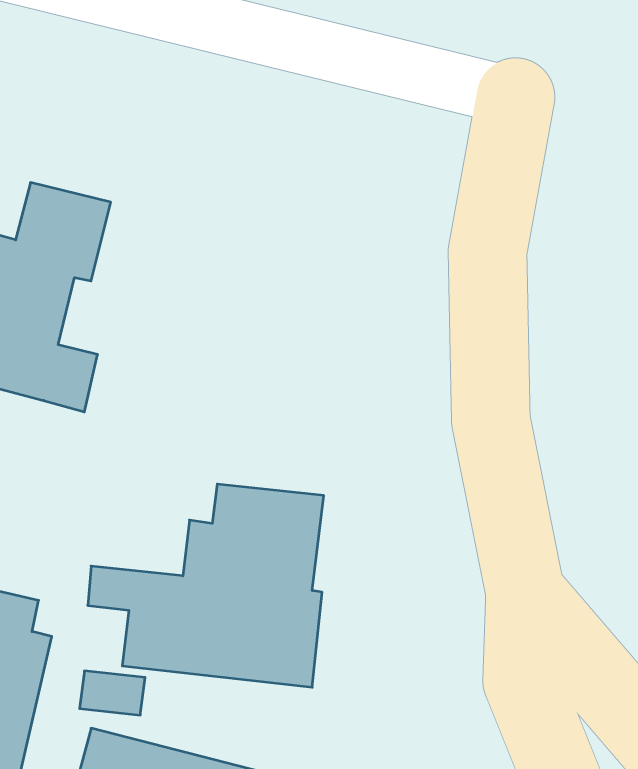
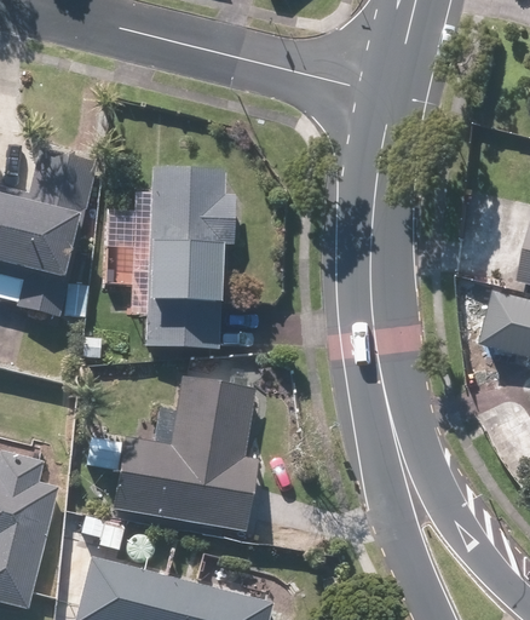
building: none -> [121,172,237,349]

